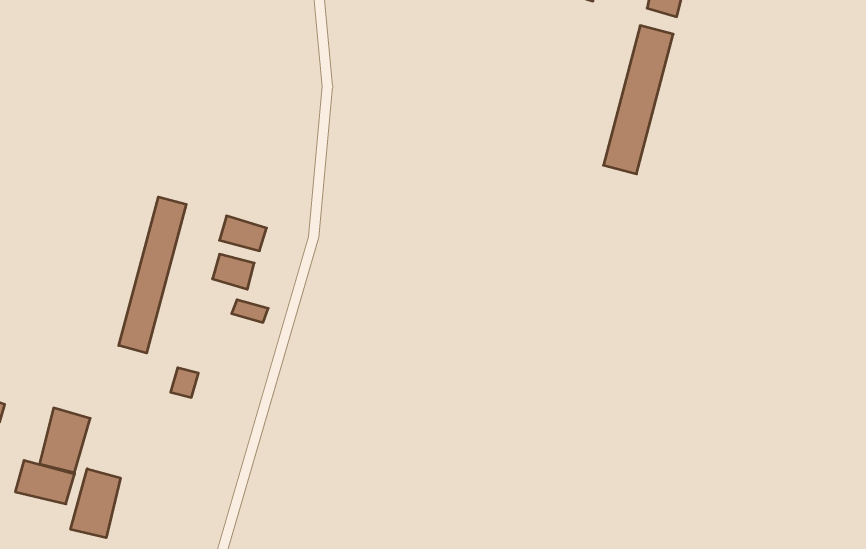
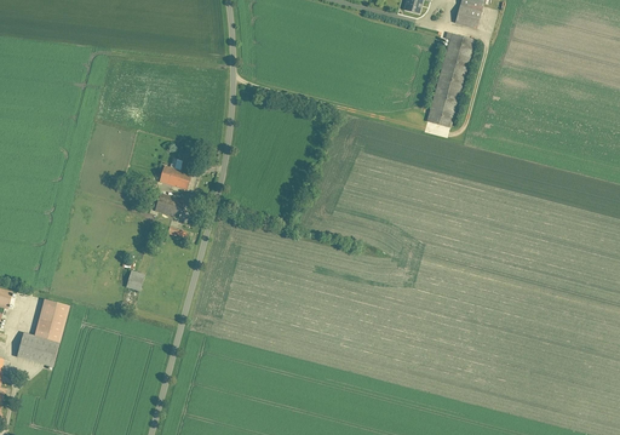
building: [119,197,186,353] -> none
building: [71,469,120,538] -> none

